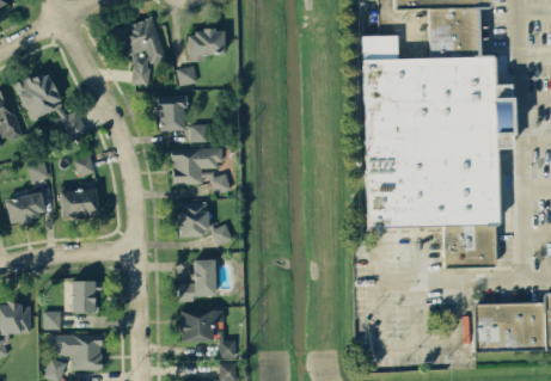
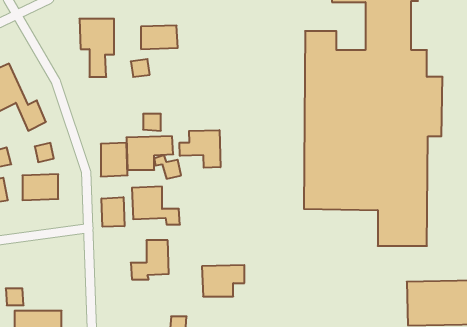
building: [158,94,186,130] -> [101,143,128,176]
building: none -> [180,130,220,168]
building: none -> [102,197,124,227]
building: [72,281,97,312] -> none
building: [179,308,225,342] -> [202,265,244,296]

